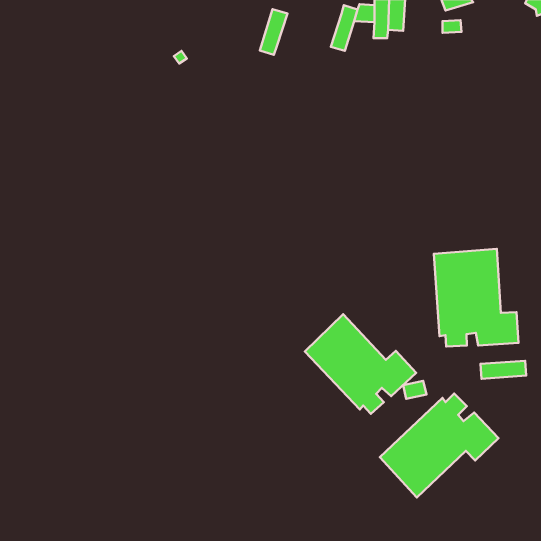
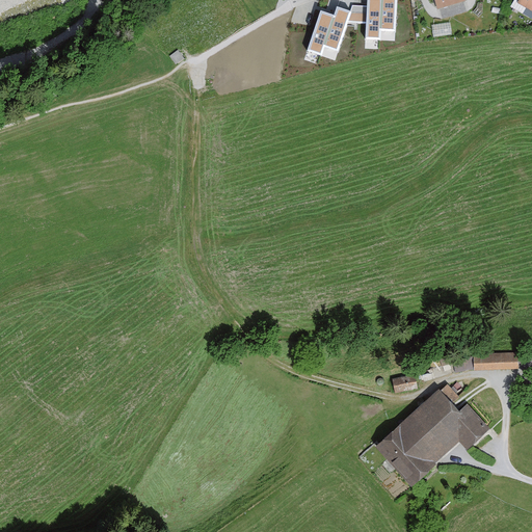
building: [260,9,288,55] -> [309,9,336,54]
building: [434,249,519,346] -> none
building: [305,314,416,414] -> none

